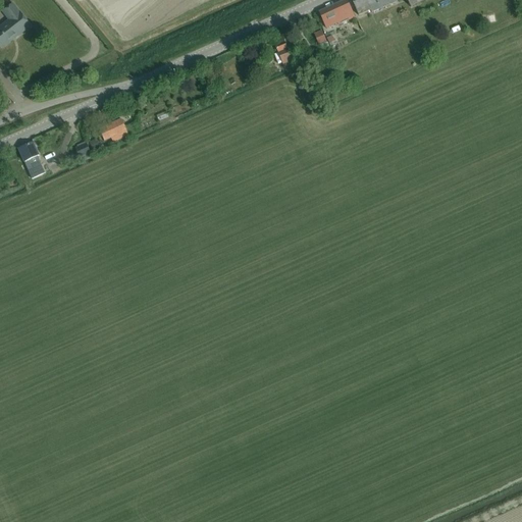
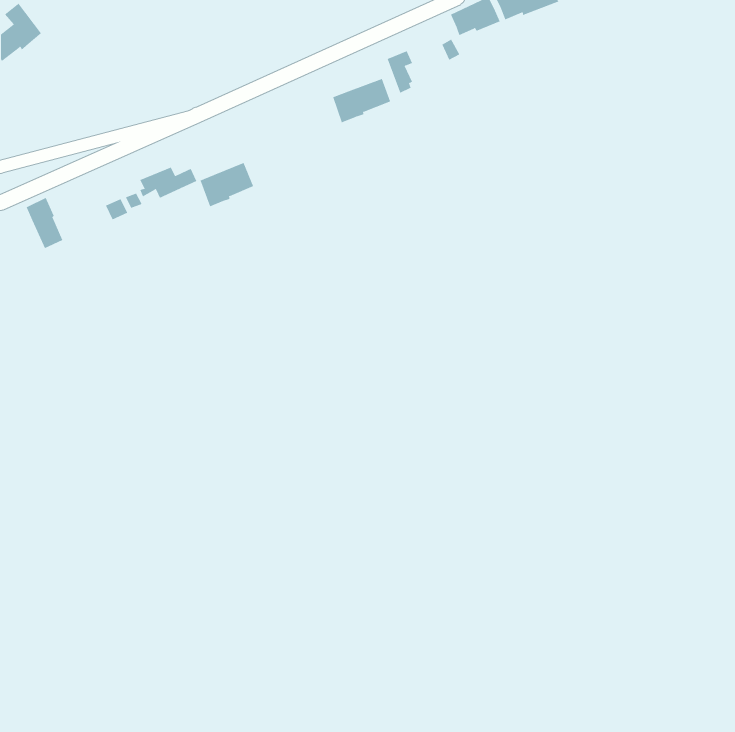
building: none -> [333,78,391,123]
building: none -> [200,162,254,207]

